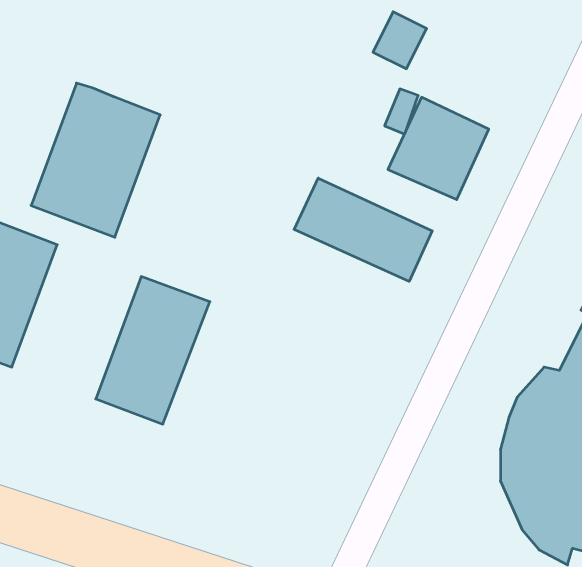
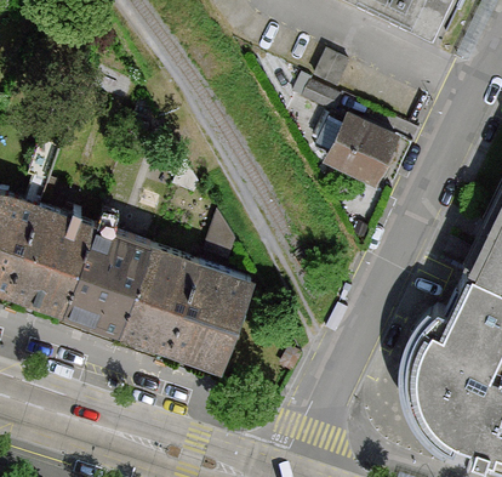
building: [31,83,160,237] -> [55,221,148,333]
building: [294,178,432,281] -> none
building: none -> [164,262,253,371]

